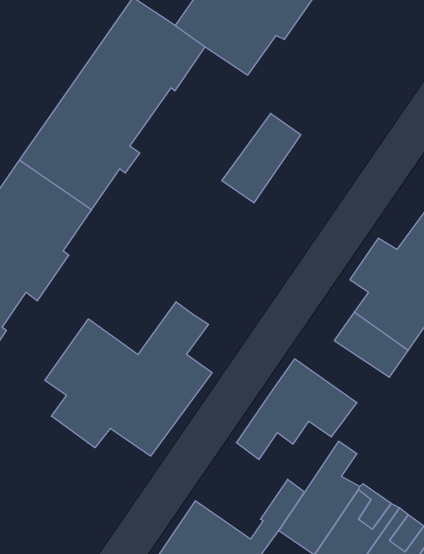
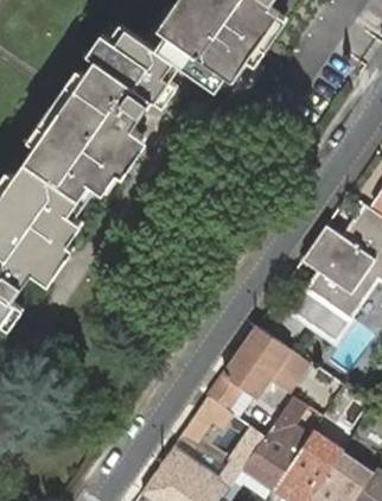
building: [222,113,301,203] -> none
building: [45,302,212,456] -> none
building: none -> [179,397,234,446]

